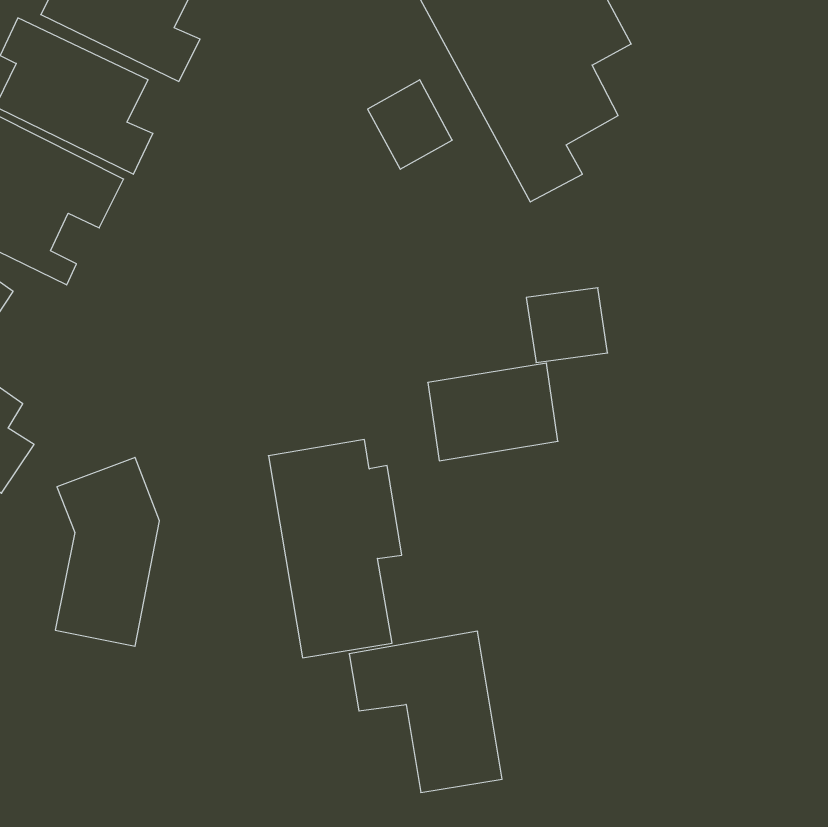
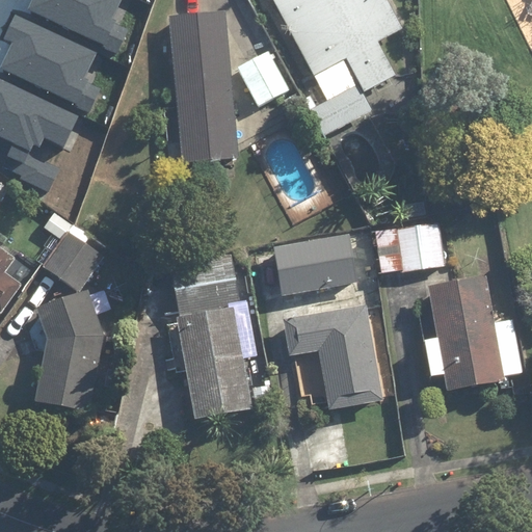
building: none -> [168,11,235,164]
building: [526,288,608,363] -> [395,222,447,270]
building: none -> [43,232,104,292]
building: none -> [426,275,523,391]
building: [349,631,502,792] -> [282,305,379,408]

